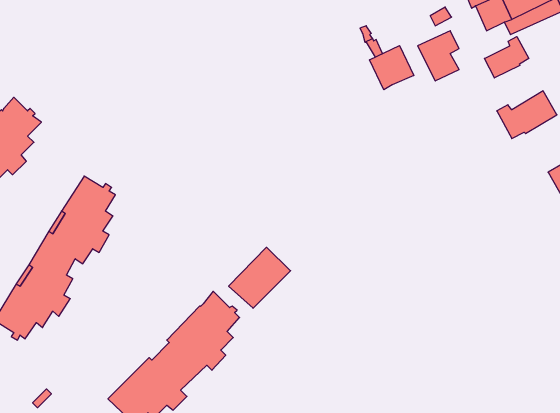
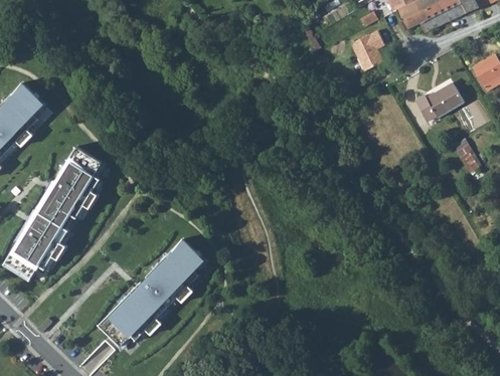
building: [484,37,529,78] -> none
building: [370,46,414,90] -> none
building: [229,247,291,308] -> none

